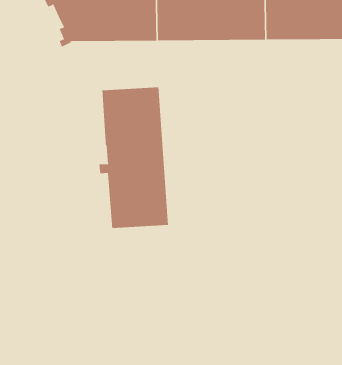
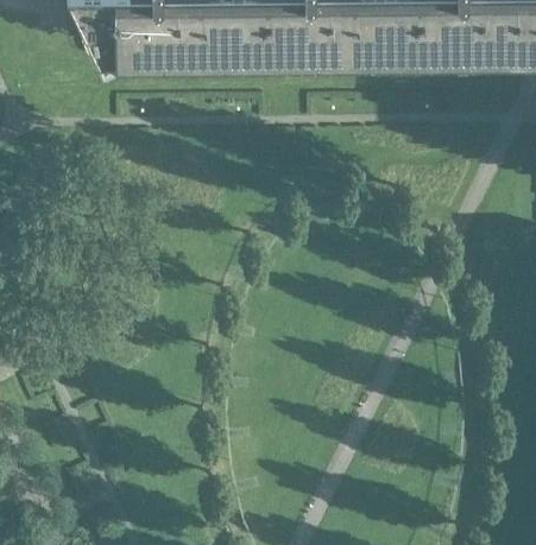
building: [99,86,169,229] -> none

